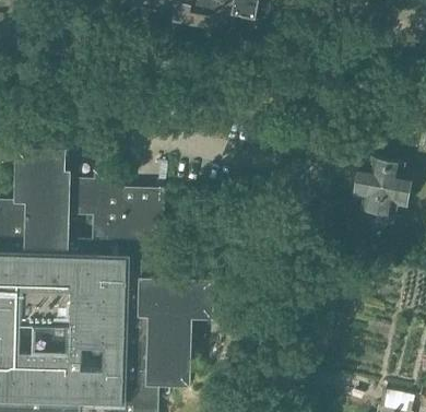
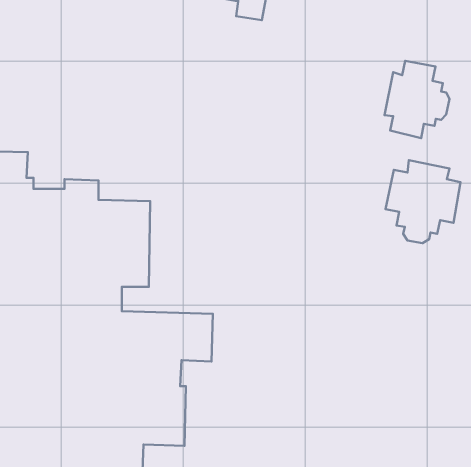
building: none -> [385,61,450,138]

